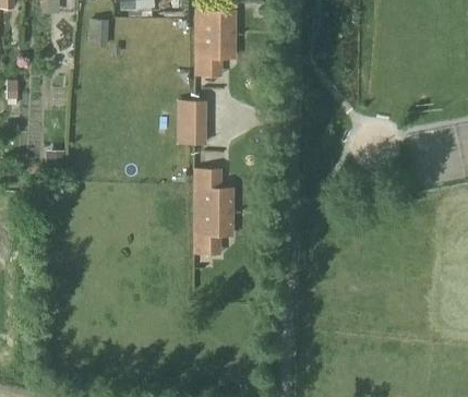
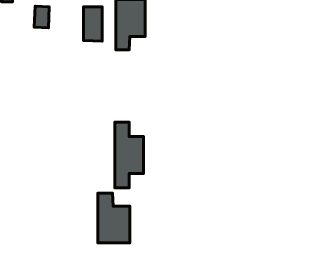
building: [180,101,204,146] -> [84,7,102,41]
building: none -> [98,193,130,243]

